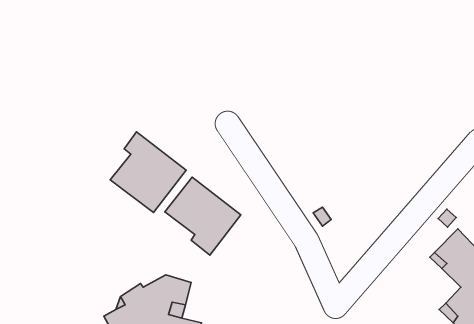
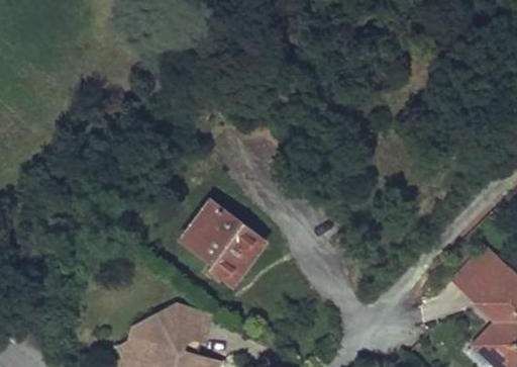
building: [110,132,186,213] -> none

